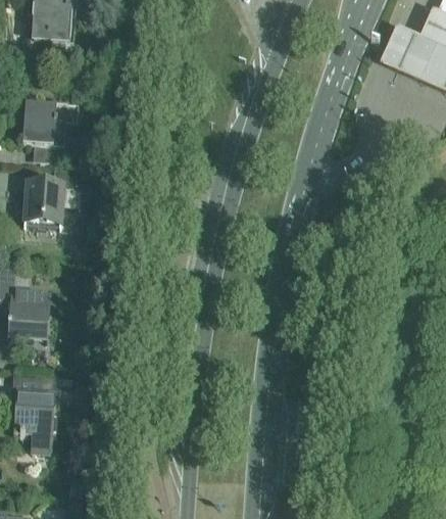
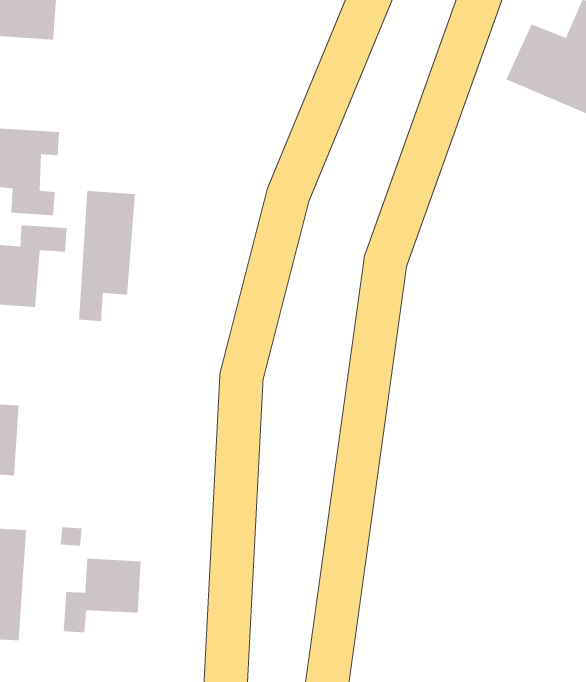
building: none -> [78,190,136,322]
building: none -> [63,558,141,633]

